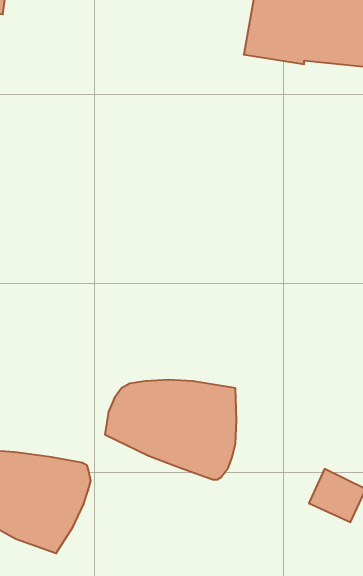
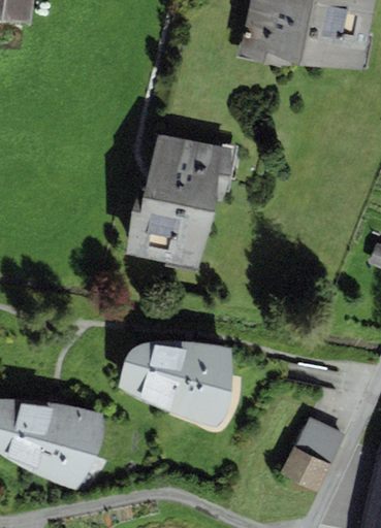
building: none -> [126,134,237,267]
building: none -> [280,447,332,493]

